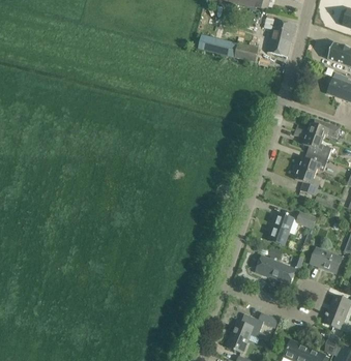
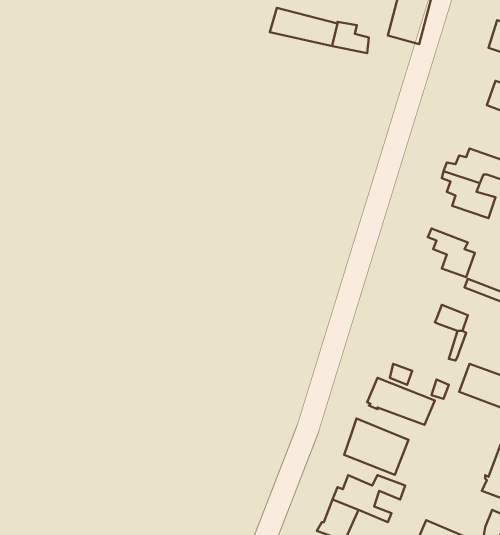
building: [293,152,327,174] -> none
building: [267,212,293,244] -> none
building: none -> [344,419,409,475]

